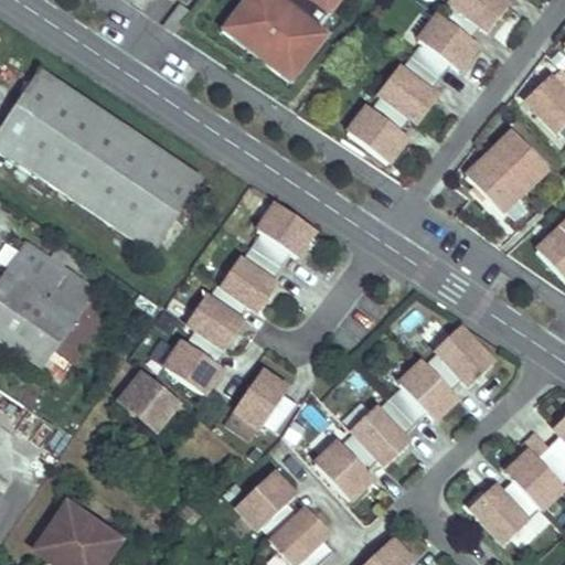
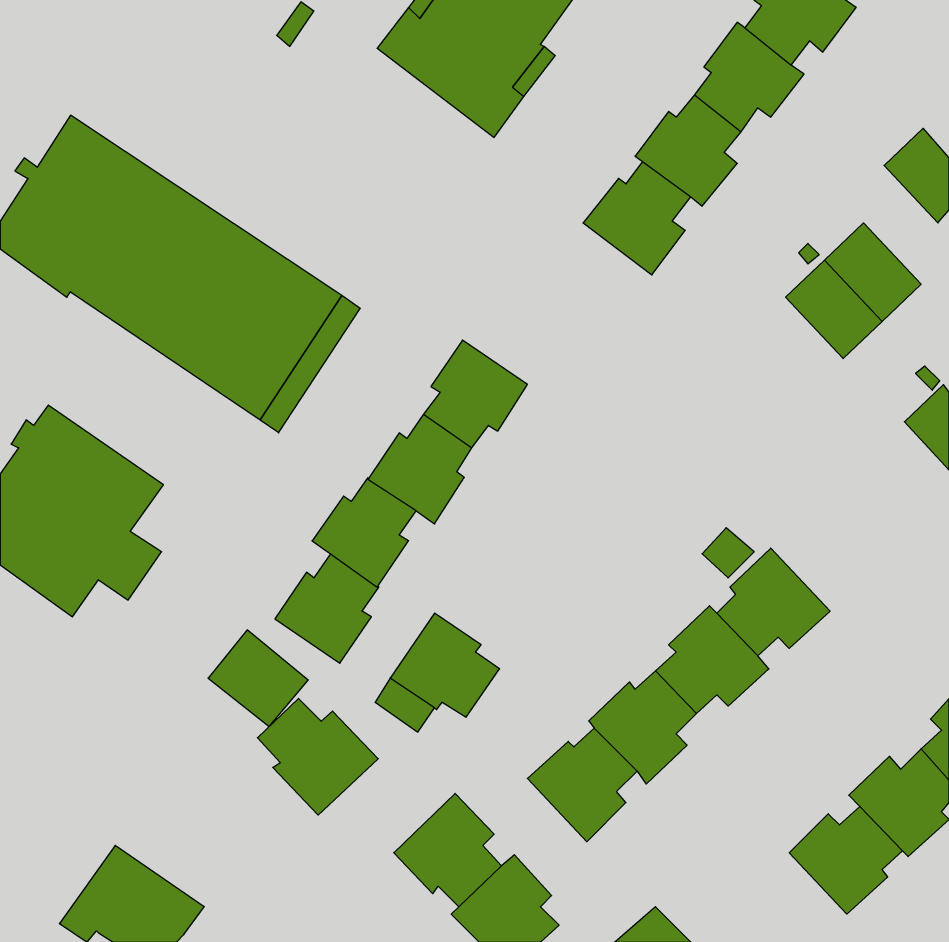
building: none -> [257,698,378,815]

